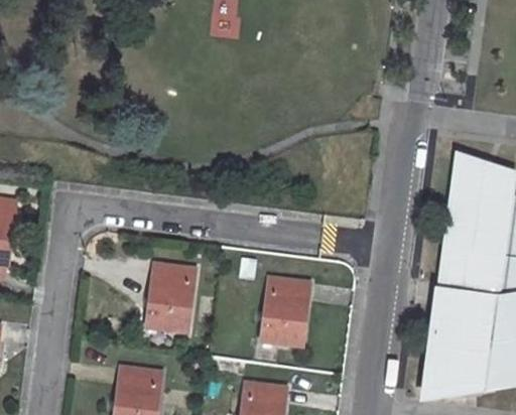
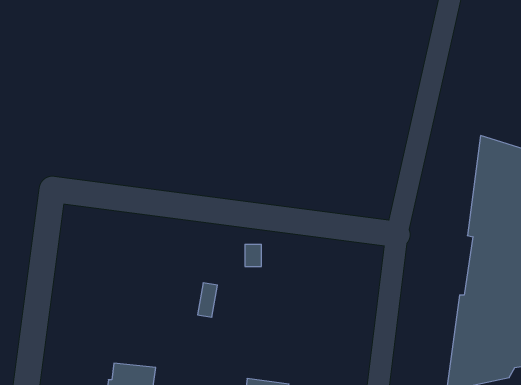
building: [146,262,195,330] -> none
building: [262,276,308,344] -> none

